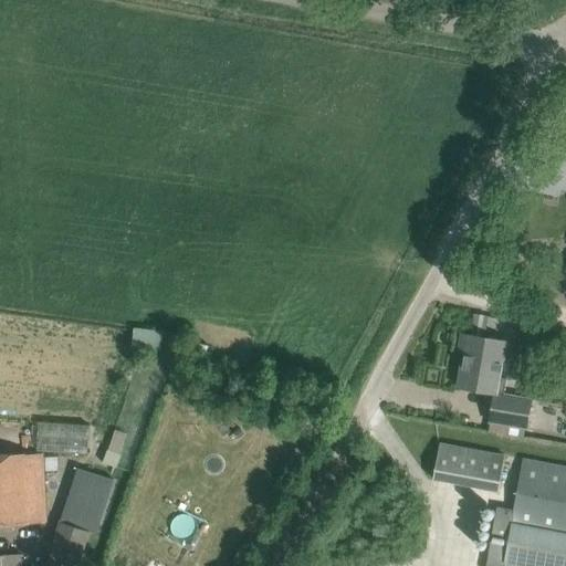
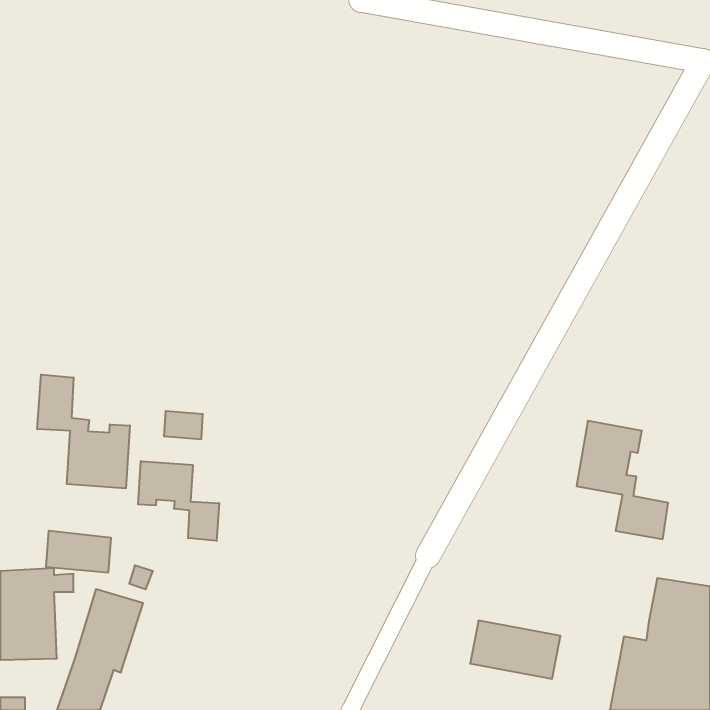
building: none -> [37,374,130,488]
building: none -> [138,461,219,541]
building: [433,444,505,491] -> [470,621,560,679]

